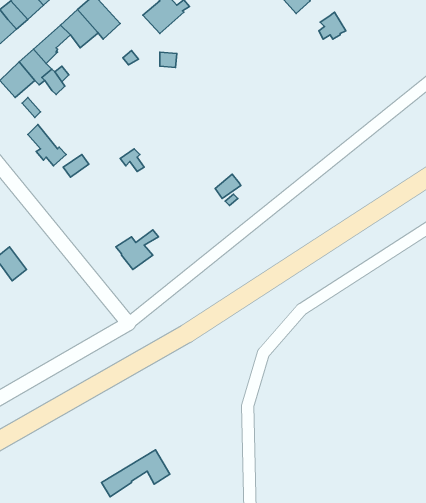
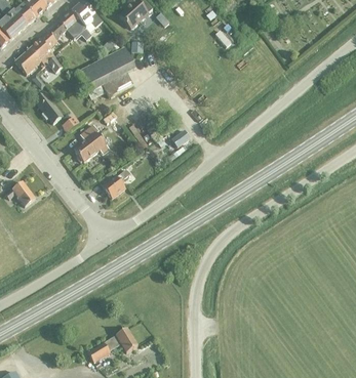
building: none -> [76,46,135,96]
building: none -> [74,123,109,161]

